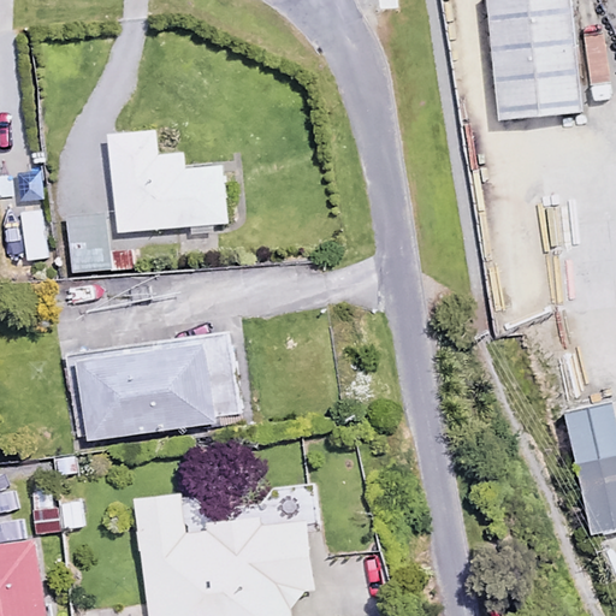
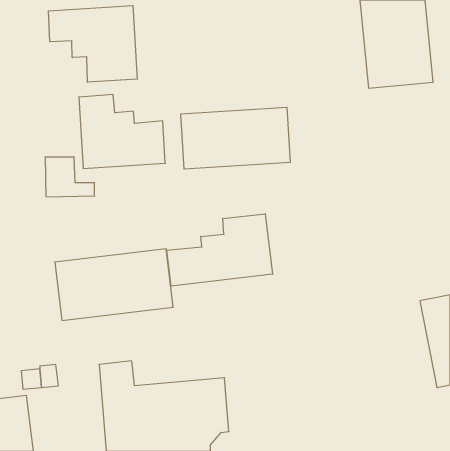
building: none -> [49,6,137,82]
building: none -> [181,107,290,169]
building: none -> [167,214,273,286]

